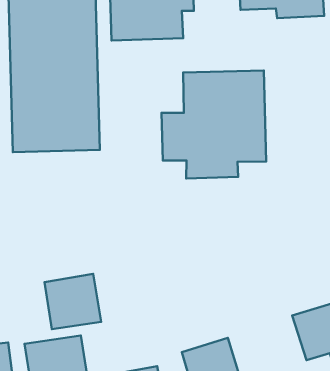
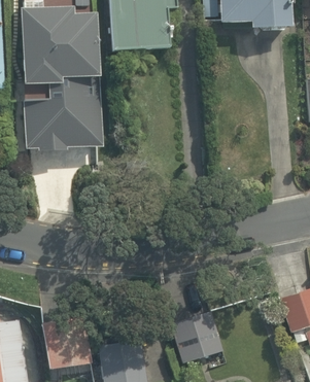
building: [162,70,266,179] -> none
building: [45,274,101,329] -> none

